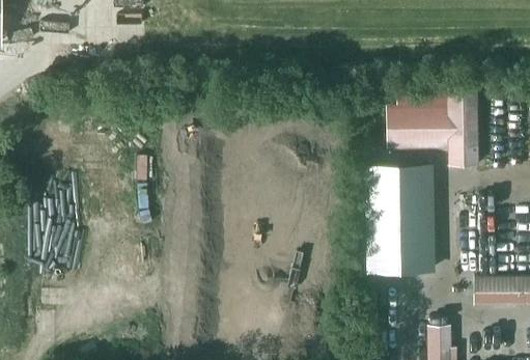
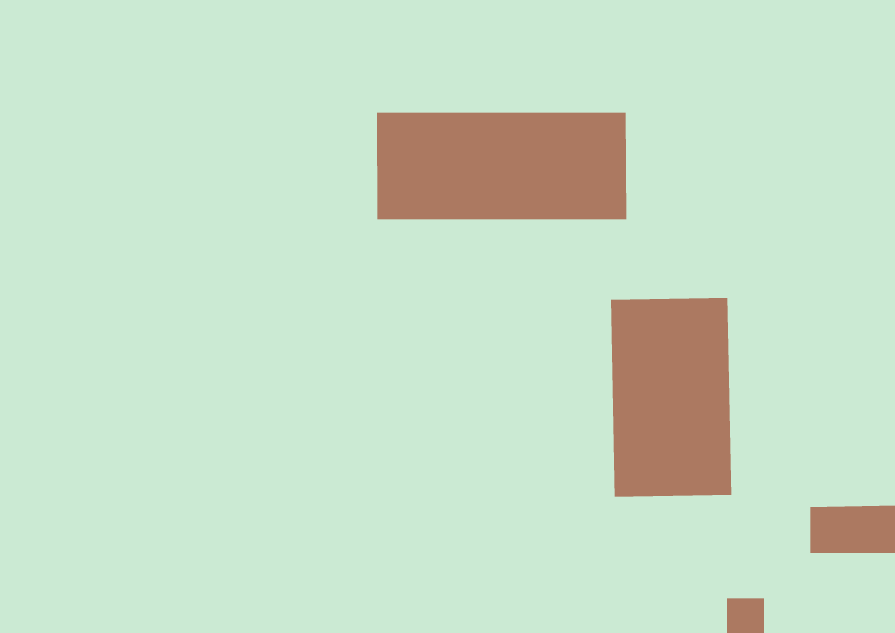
building: none -> [376,112,627,220]
building: [388,89,478,164] -> none

